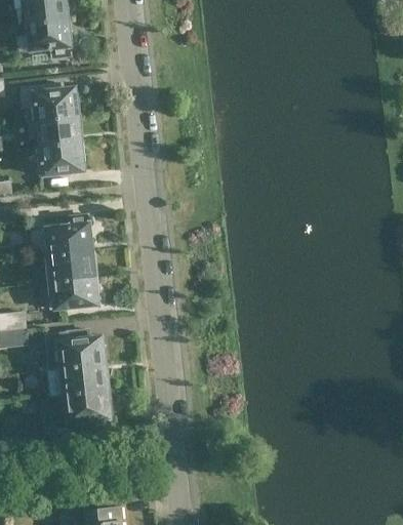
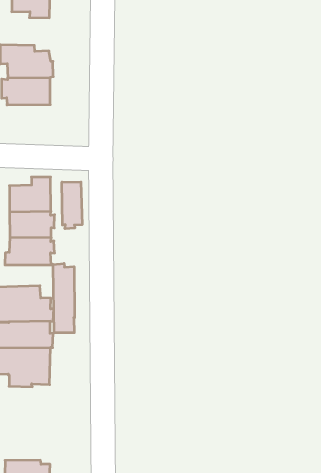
building: [36,142,84,173] -> none
building: none -> [62,182,82,229]
building: none -> [53,263,75,333]

